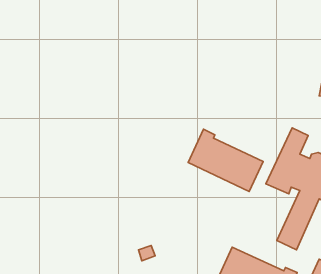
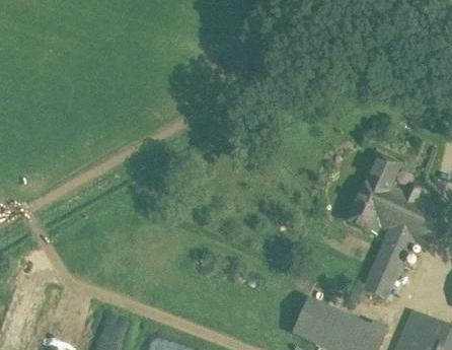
building: [188,129,263,191] -> none

